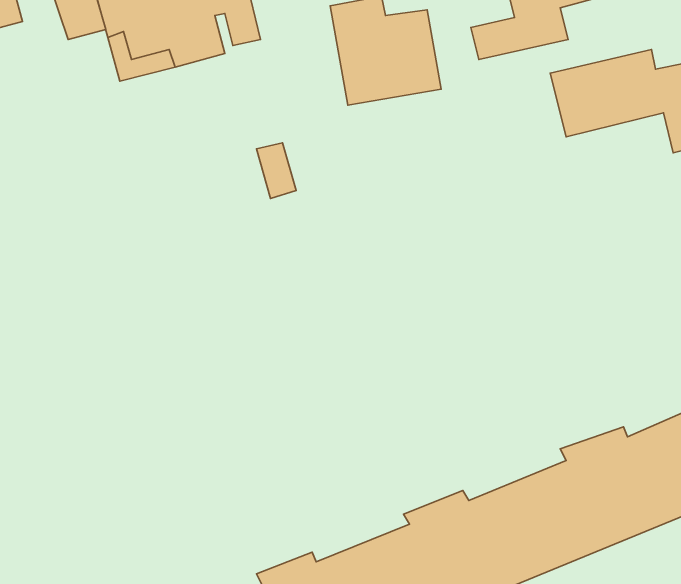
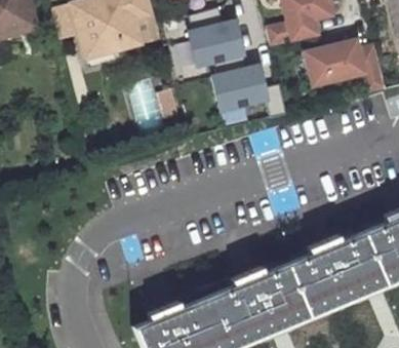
building: none -> [210,66,276,116]

